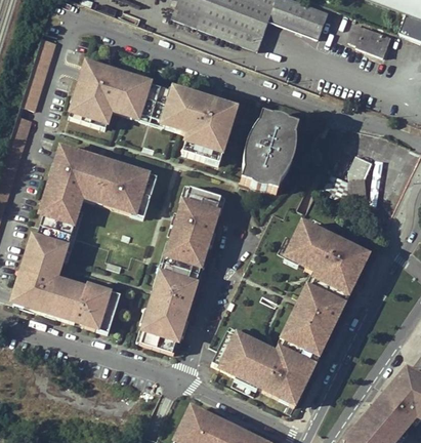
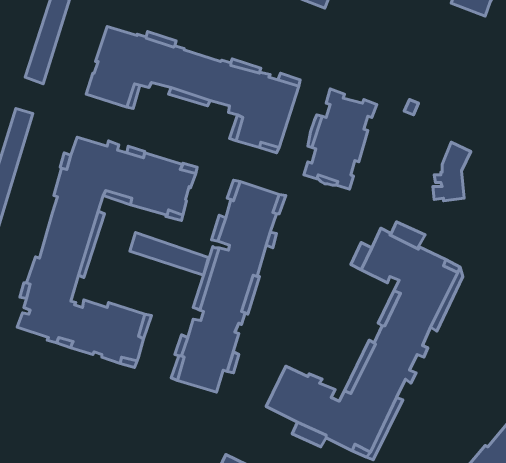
building: none -> [130,232,208,275]

